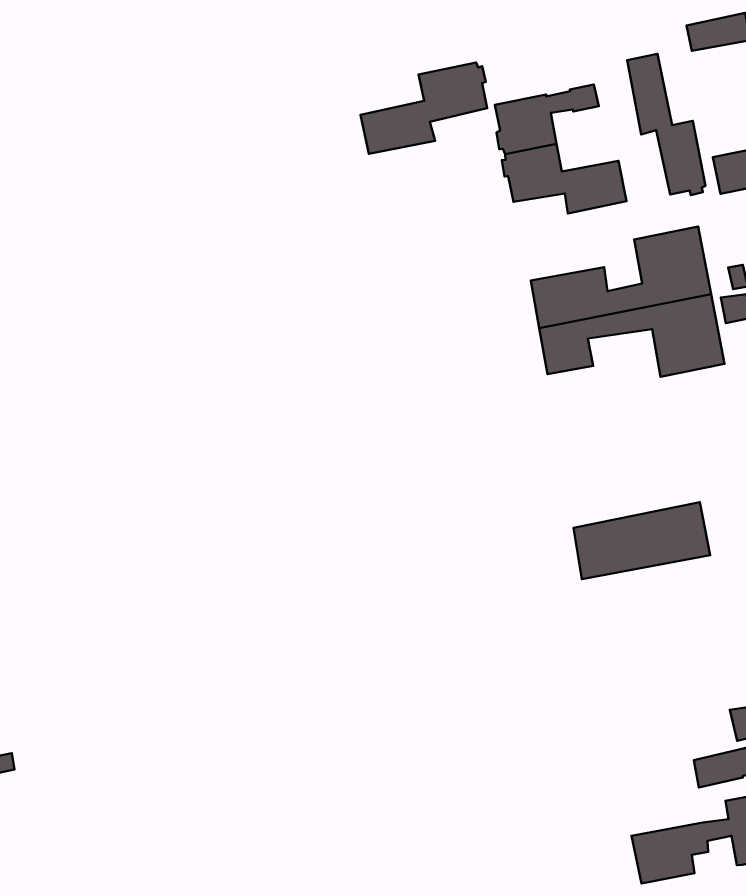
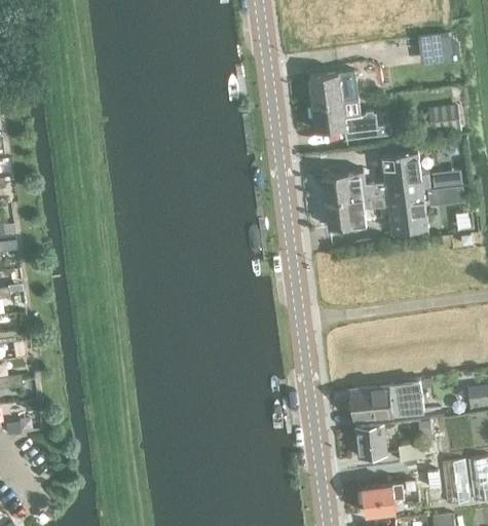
building: [627,54,706,195] -> none
building: [360,63,487,154] -> none
building: [573,502,710,579] -> [350,382,425,421]
building: none -> [354,427,386,459]

